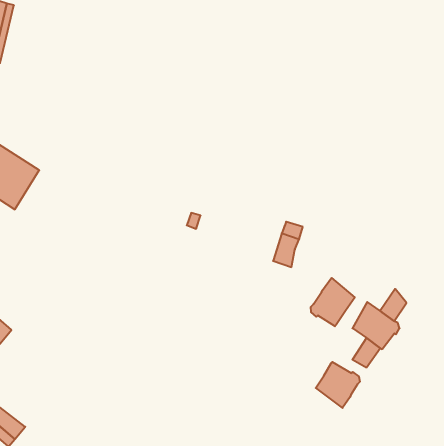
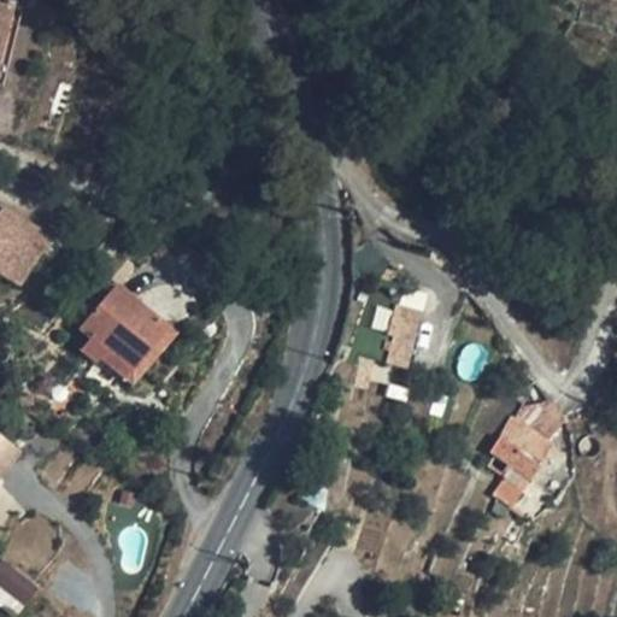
building: none -> [78,286,166,374]
building: [311,278,355,326] -> none
building: [316,362,360,408] -> none

